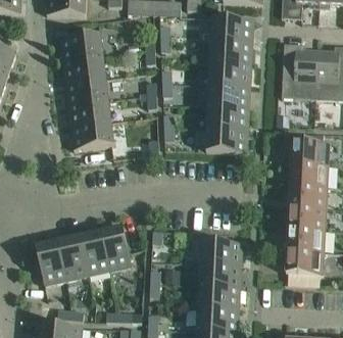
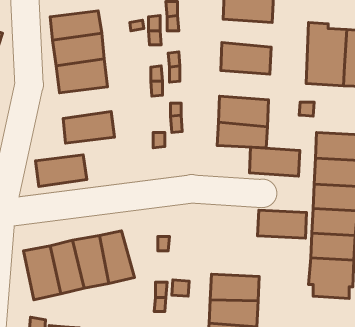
building: [208,41,252,65] -> none
building: [206,86,250,111] -> [249,147,300,176]
building: [66,100,111,128] -> [35,155,87,187]
building: [199,241,242,265] -> [258,210,307,238]

